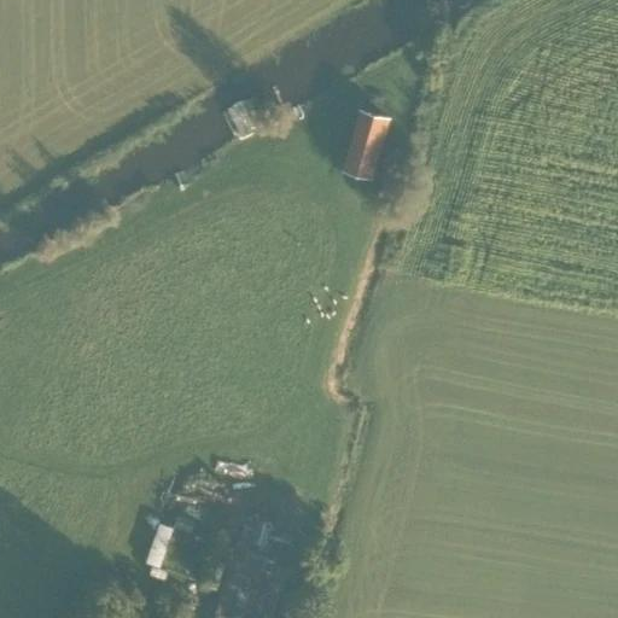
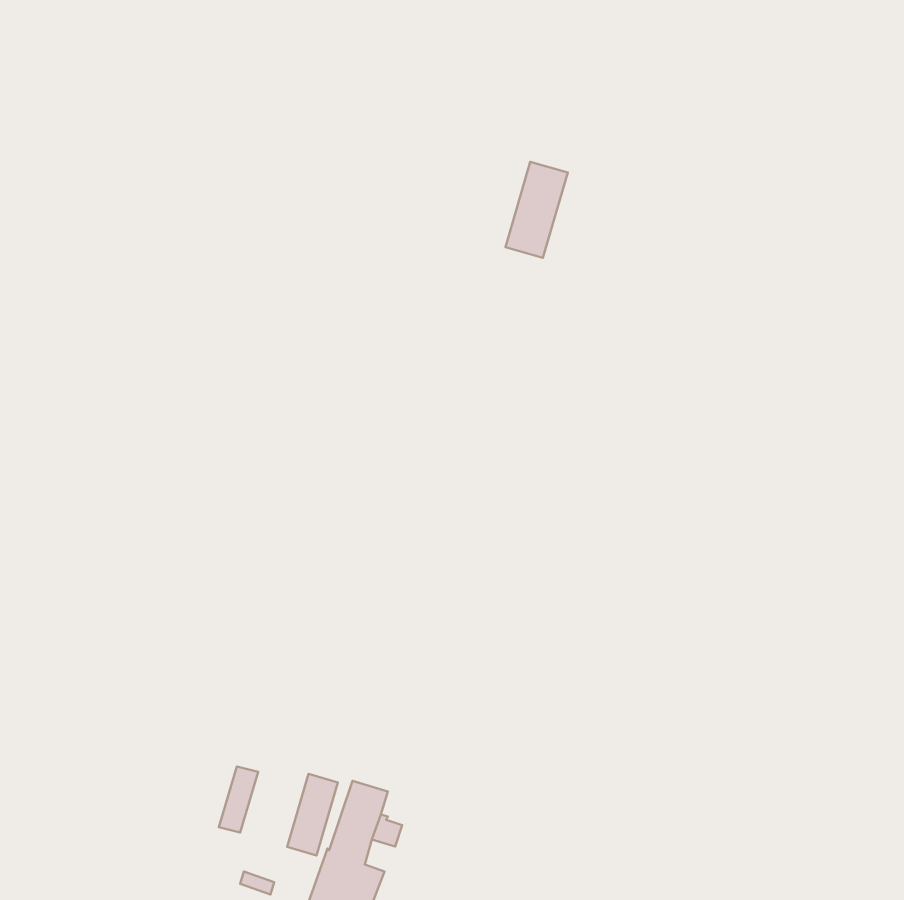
building: none -> [287,774,338,856]

